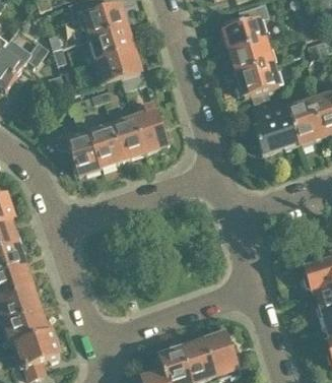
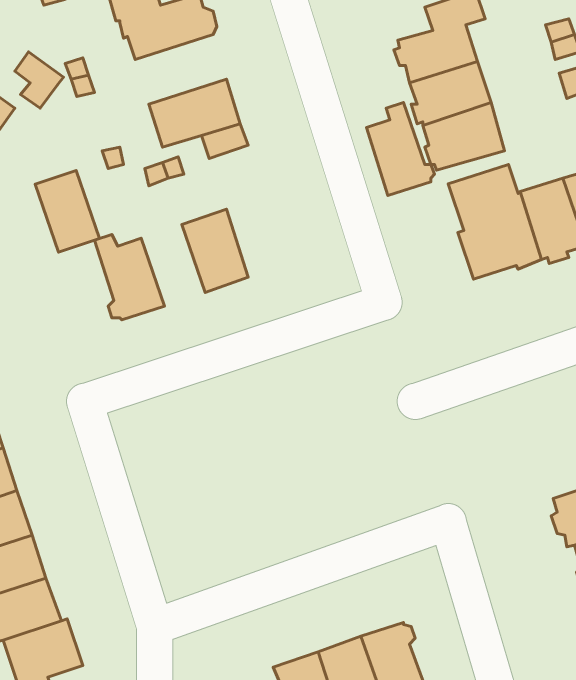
building: [86,25,134,62] -> none
building: [134,104,170,152] -> [367,102,435,196]
building: [89,125,123,168] -> [35,171,99,252]

